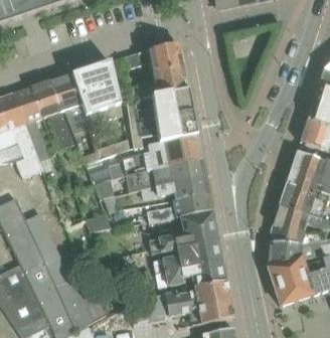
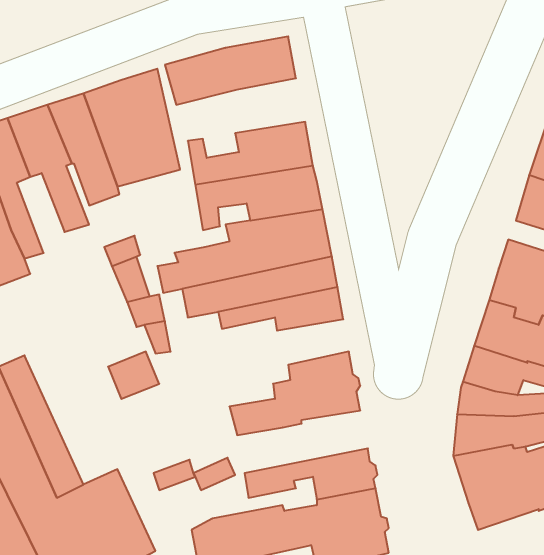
building: [132,64,188,97] -> none
building: [146,192,211,221] -> none
building: [154,240,221,274] -> none

